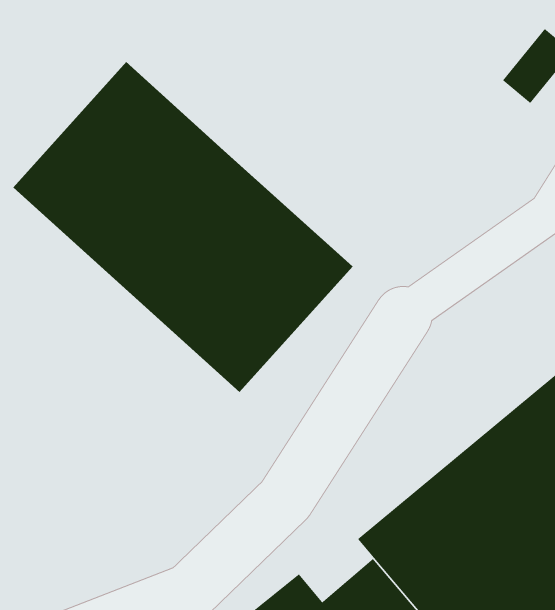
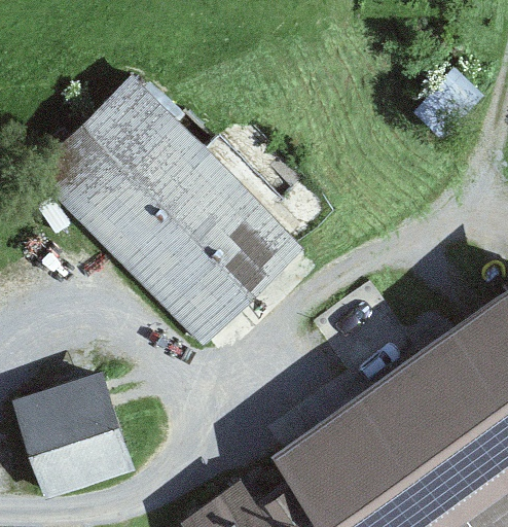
building: none -> [17,375,126,482]

